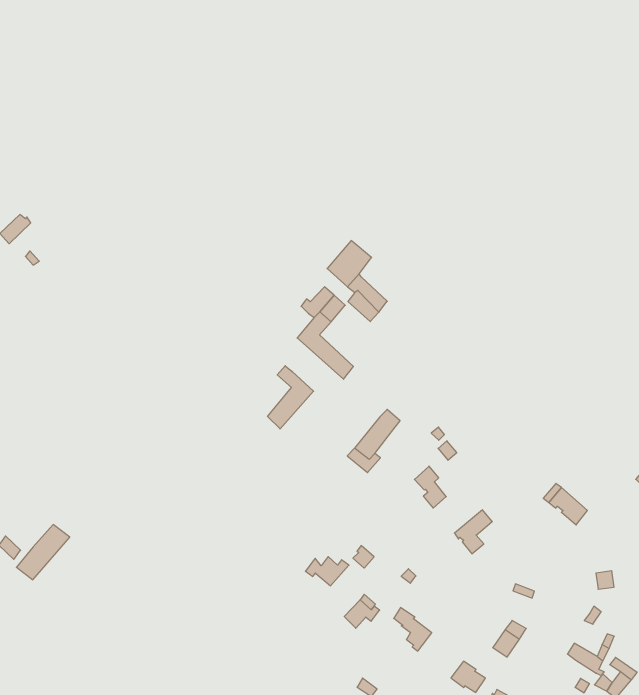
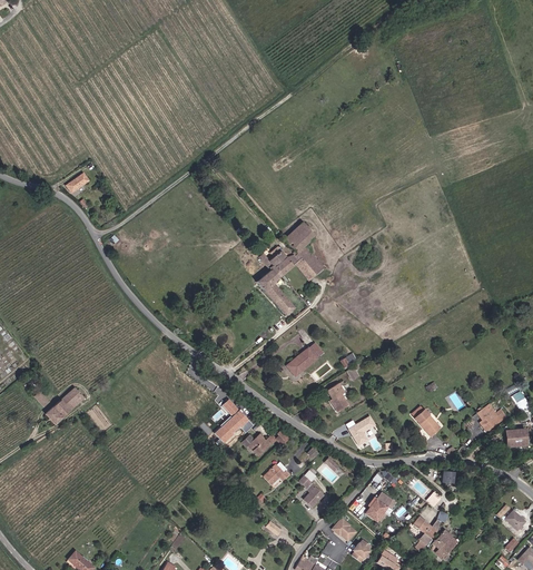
building: [268,366,314,429] -> none
building: none -> [216,399,255,446]

